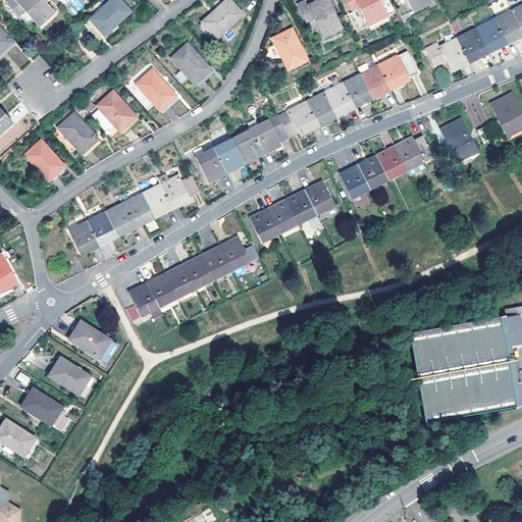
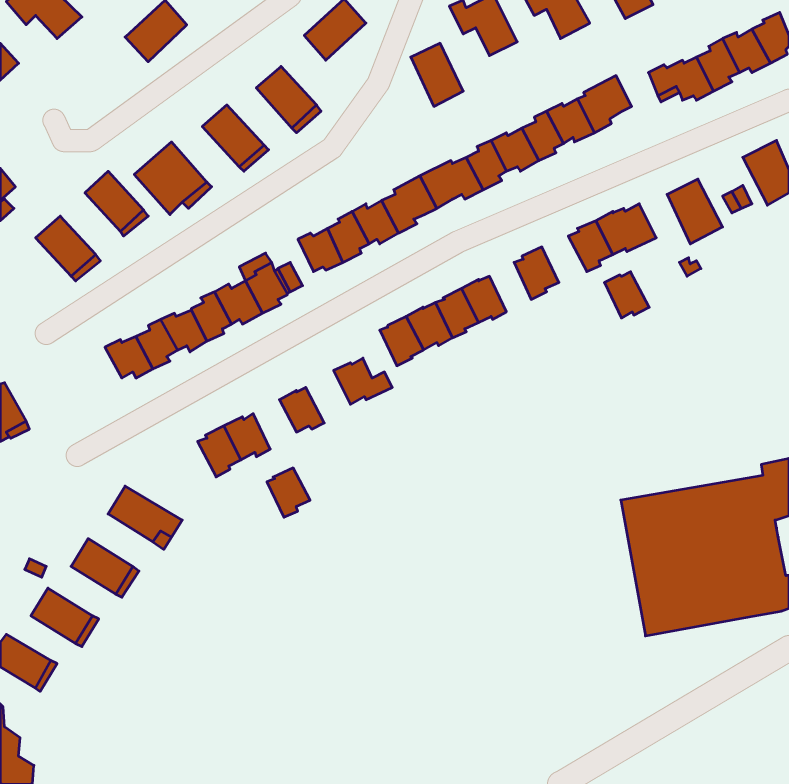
building: [358,156,387,187] -> [604,272,649,318]
building: [202,245,231,279] -> none
building: [167,264,196,297] -> [267,468,310,517]

